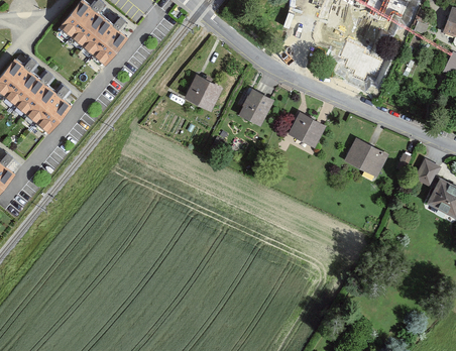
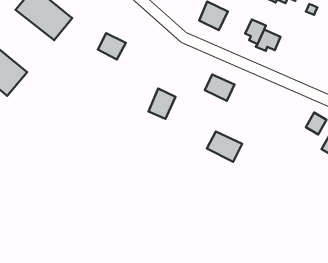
building: [189,72,223,104] -> [98,33,126,59]
building: [242,83,275,120] -> [148,88,176,119]
building: [345,134,388,171] -> [207,131,242,162]

